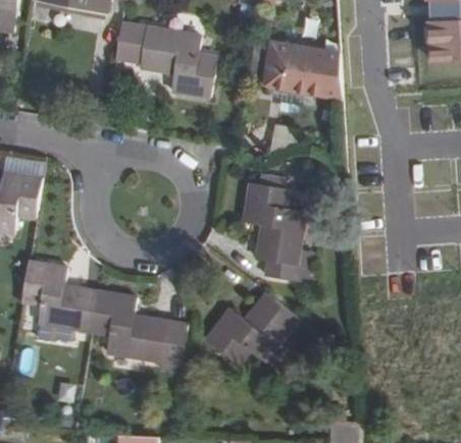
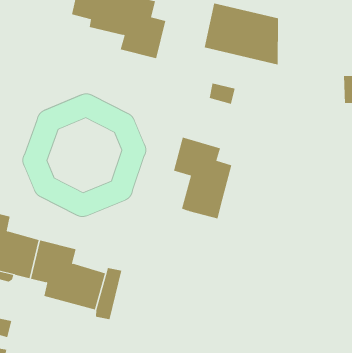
building: [251,245,301,280] -> none
building: [204,294,298,369] -> none

